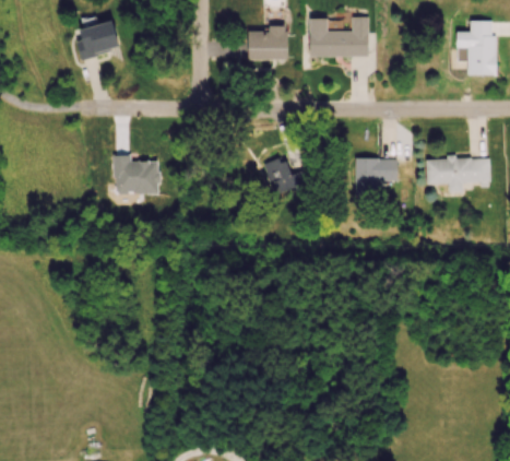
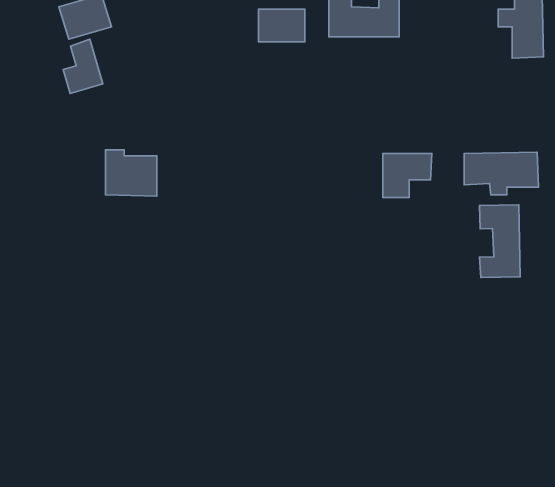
building: none -> [63,39,103,94]
building: [265,156,316,198] -> none
building: none -> [479,205,520,278]

